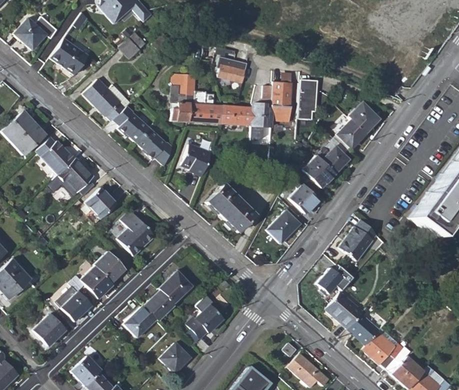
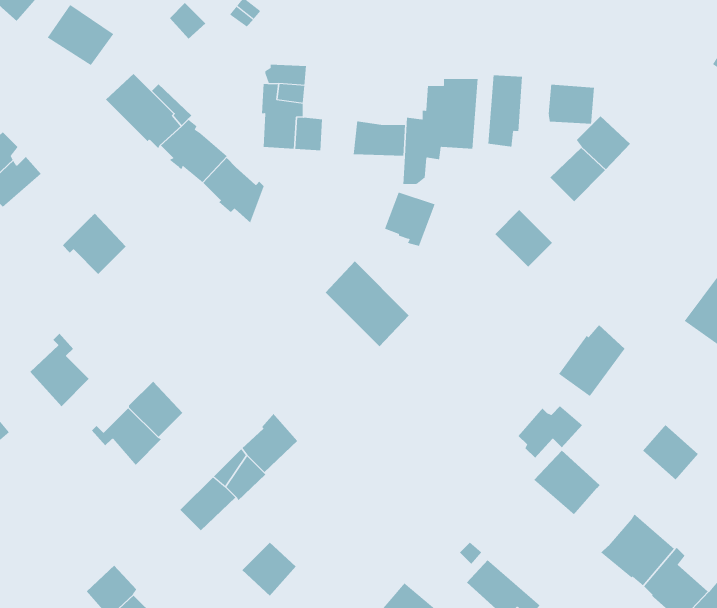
building: [217,56,248,82] -> none
building: none -> [548,84,594,125]
building: [205,93,225,124] -> none
building: [316,137,350,174] -> none
building: [37,138,75,175] -> none
building: [182,145,211,176] -> [384,192,435,247]
building: [290,182,319,213] -> none
building: [85,188,117,219] -> none
building: [119,210,156,255] -> none
building: [268,210,301,243] -> none
building: [58,280,92,322] -> [30,333,90,407]
building: [187,305,223,339] -> none
building: [348,313,380,345] -> [642,424,699,481]
building: [34,314,66,346] -> none

